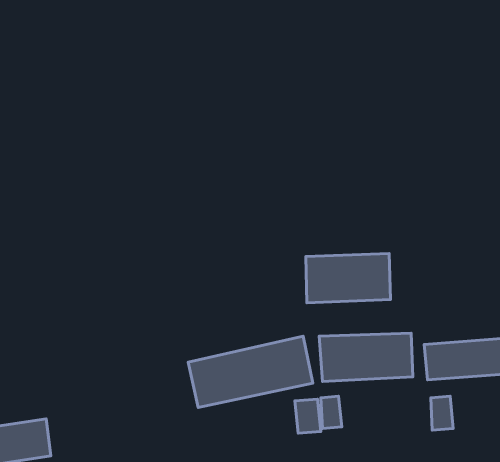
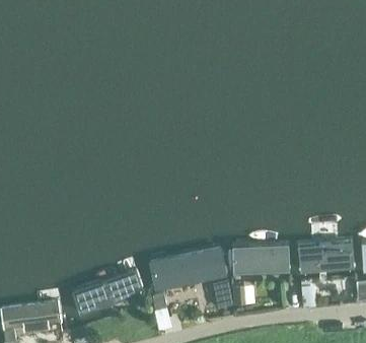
building: [306,253,390,303] -> none
building: none -> [70,272,143,318]

